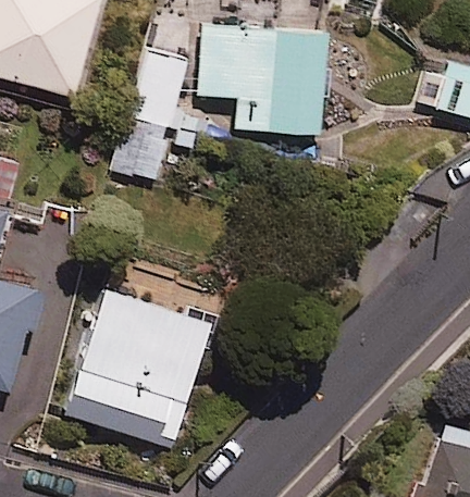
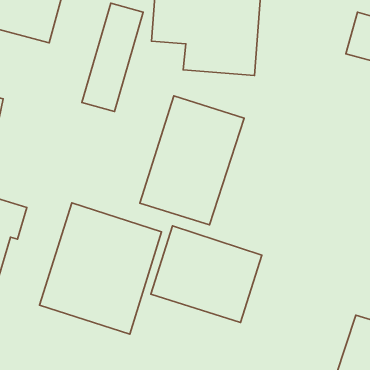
building: none -> [140,96,244,225]
building: none -> [151,226,262,323]

